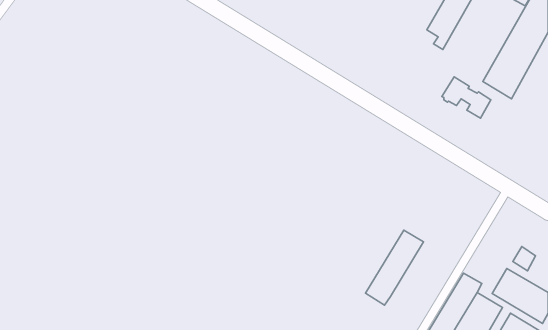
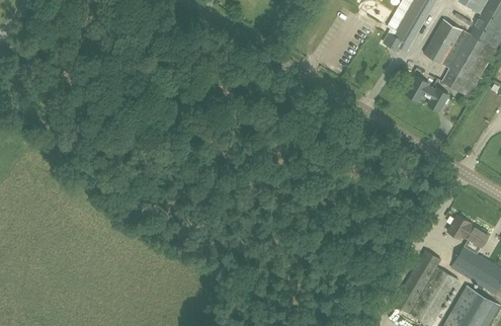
building: none -> [422,18,468,68]
building: [366,230,423,305] -> none
building: none -> [446,214,476,239]

